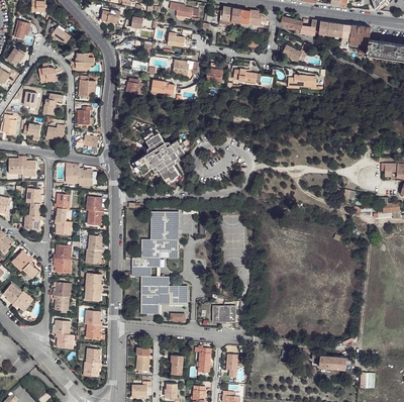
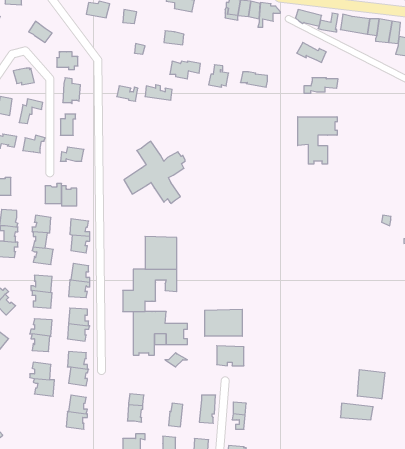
building: none -> [298,117,337,164]
building: none -> [205,309,242,336]
building: none -> [357,370,385,399]

